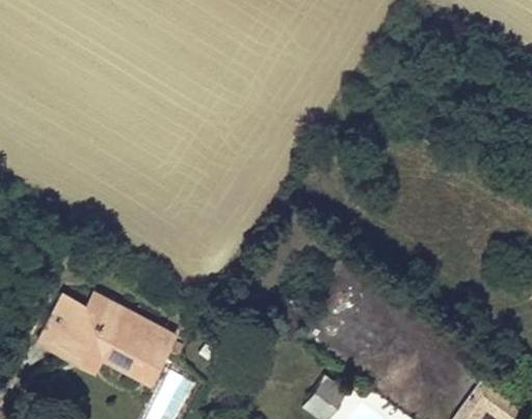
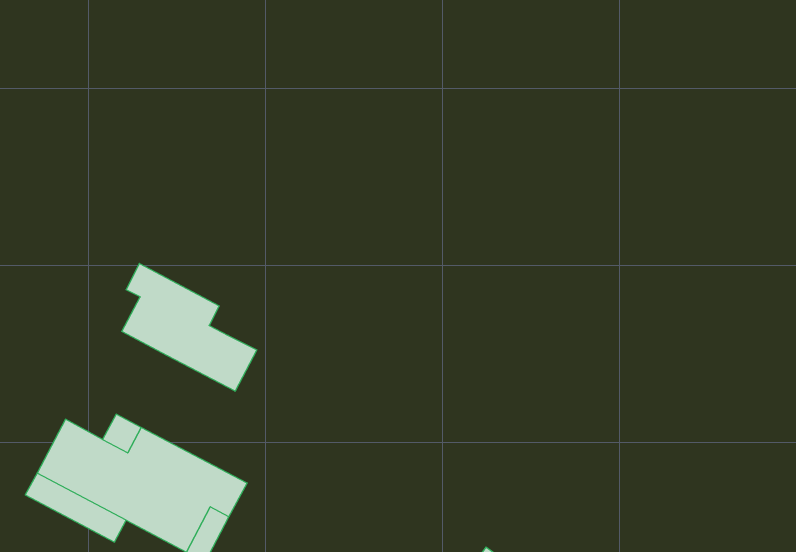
building: none -> [122,263,257,391]

